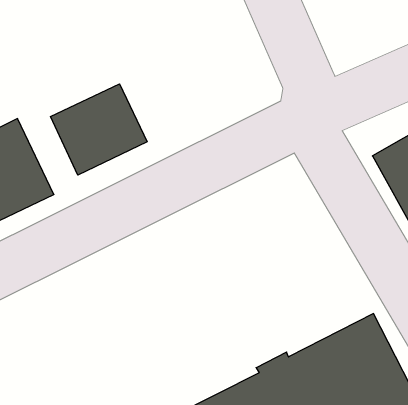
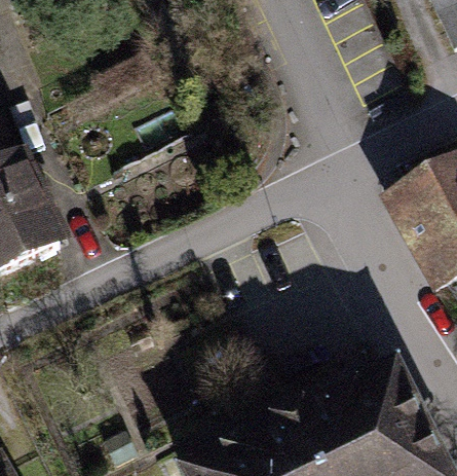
building: [51,84,147,175] -> none

